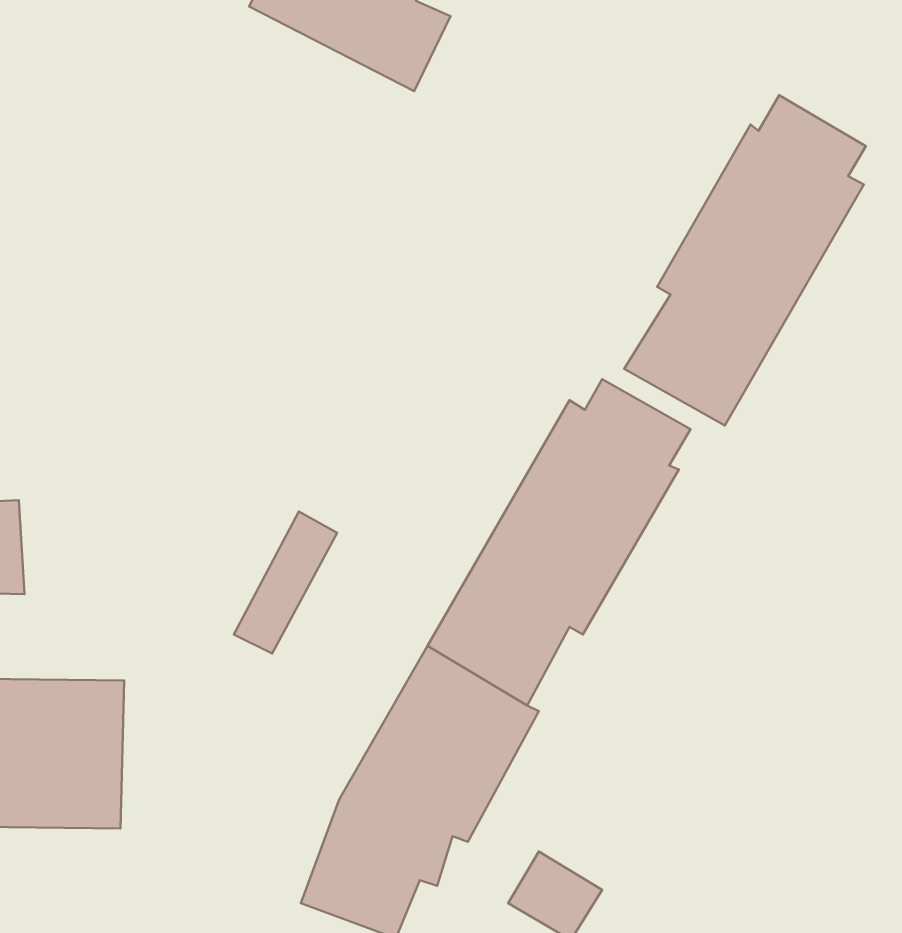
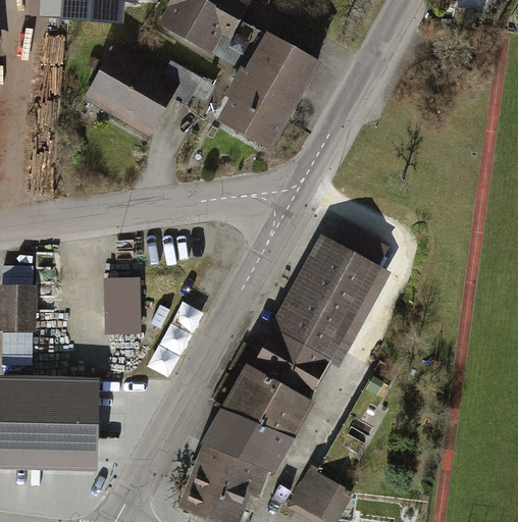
building: none -> [224,38,331,155]
building: none -> [86,48,184,142]
building: [624,95,866,425] -> none
building: none -> [101,271,140,328]

